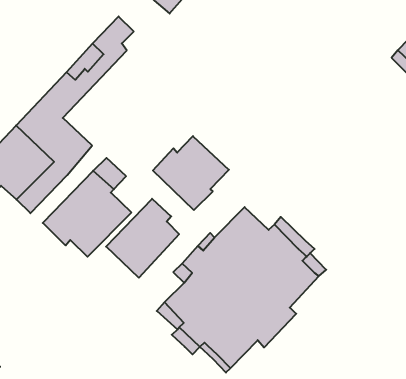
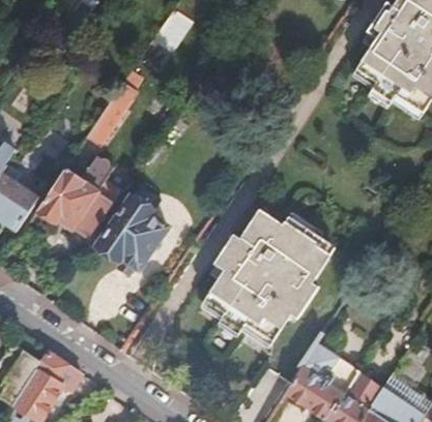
building: [153,136,229,210] -> none
building: [106,199,179,278] -> none

